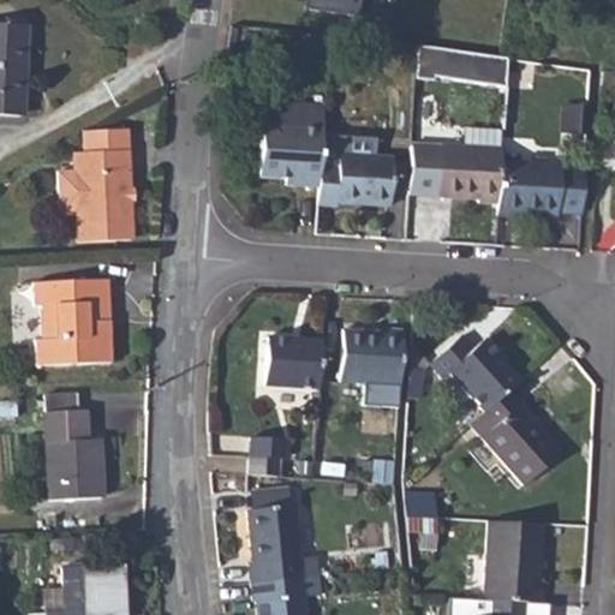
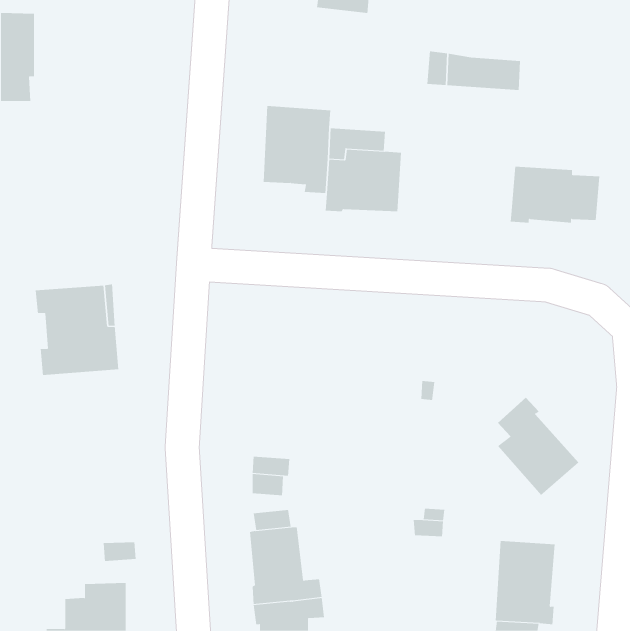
building: [61,124,137,239] -> none
building: [410,129,503,204] -> none
building: [340,329,404,386] -> none
building: [429,334,519,411] -> none
building: [265,338,322,389] -> none
building: [41,389,100,497] -> none

